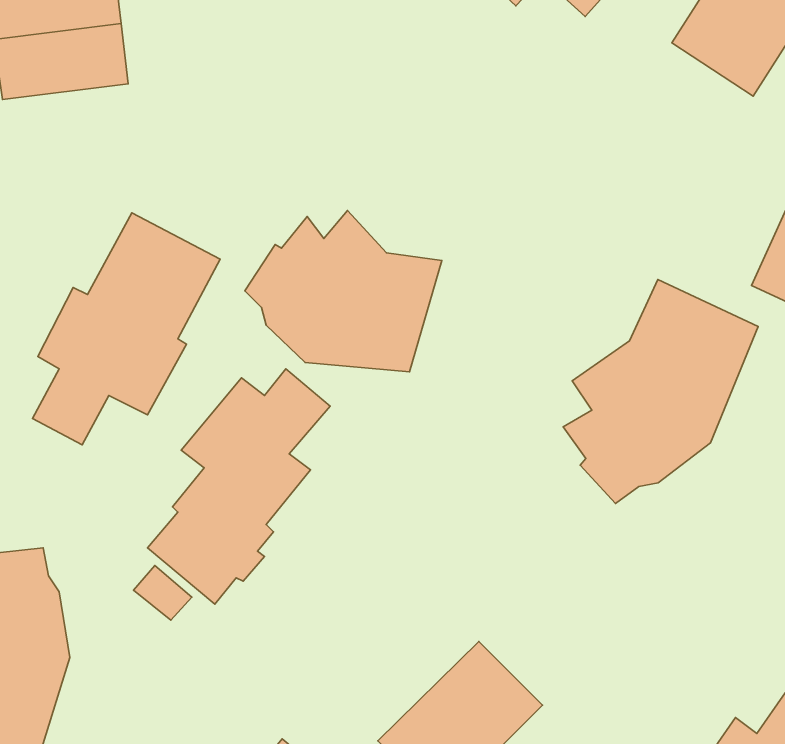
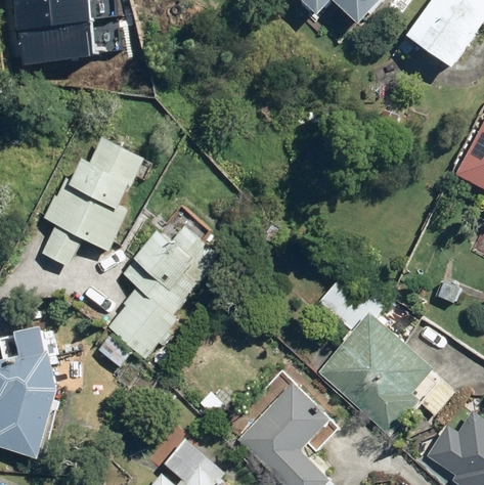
building: [245,210,442,372] -> none
building: [563,280,758,503] -> none
building: none -> [319,310,452,433]

